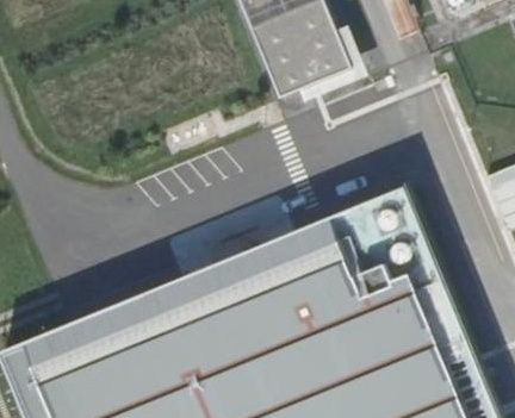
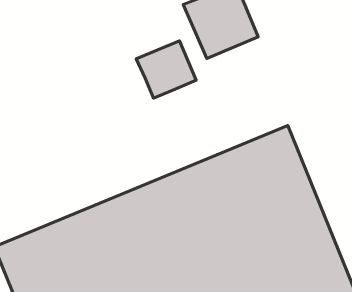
building: none -> [136,41,196,98]

